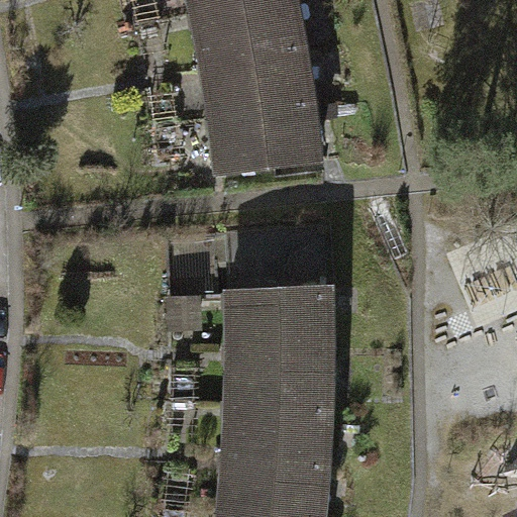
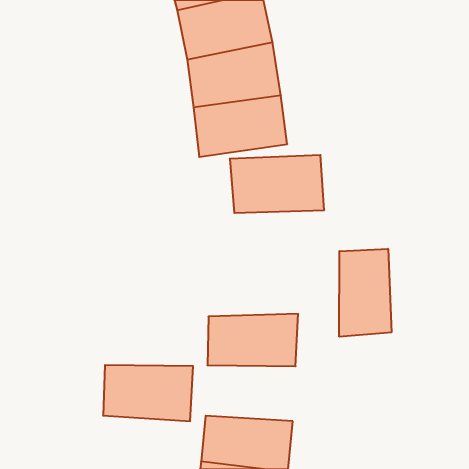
building: none -> [339,249,391,337]
building: [224,285,328,348] -> [230,155,324,213]
building: [226,402,325,463] -> [103,365,193,421]

